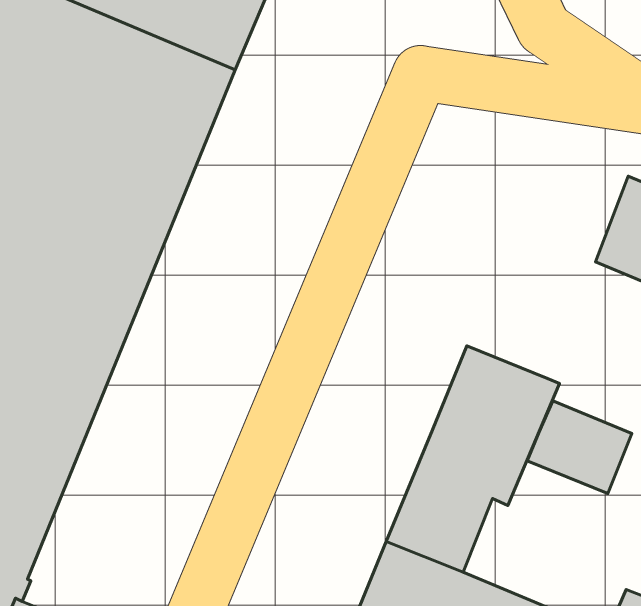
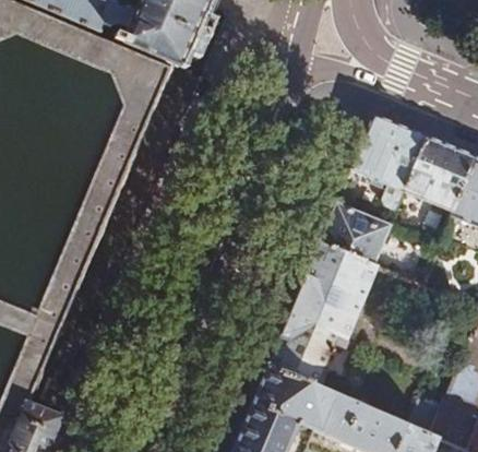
building: none -> [356,115,427,206]
building: [527,401,632,493] -> [324,204,391,263]

